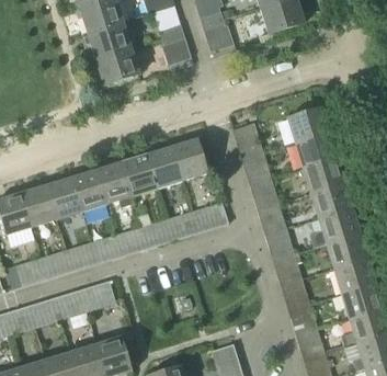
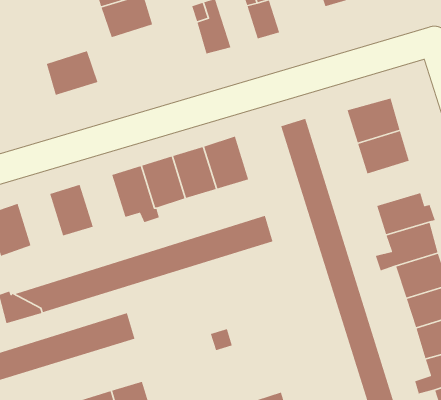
building: [95,47,138,84] -> [46,50,98,96]
building: [303,158,346,194] -> none
building: [70,169,106,212] -> none
building: [20,184,56,227] -> none

